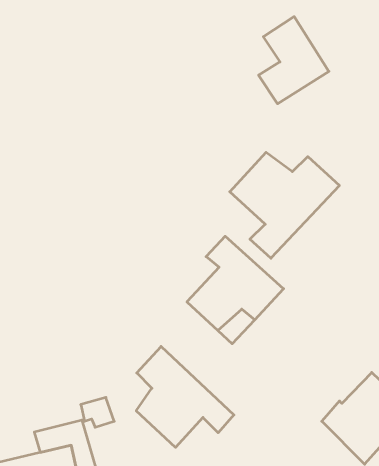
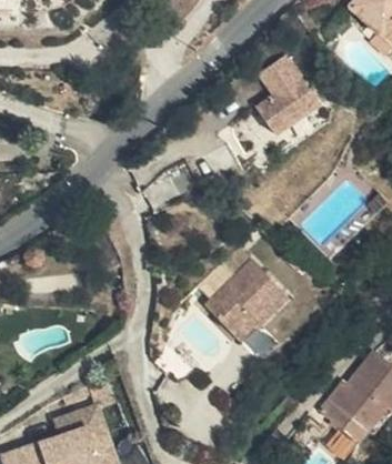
building: [230,152,339,258] -> none
building: [136,346,234,447] -> none

